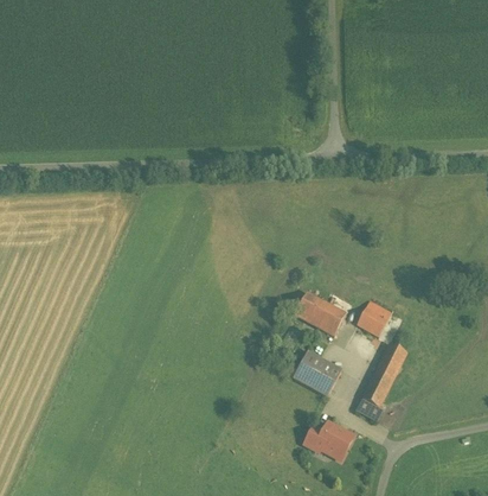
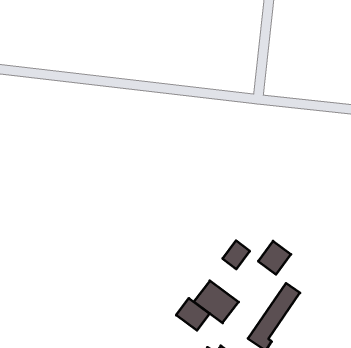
building: [295,293,329,326] -> none
building: none -> [176,298,210,330]

